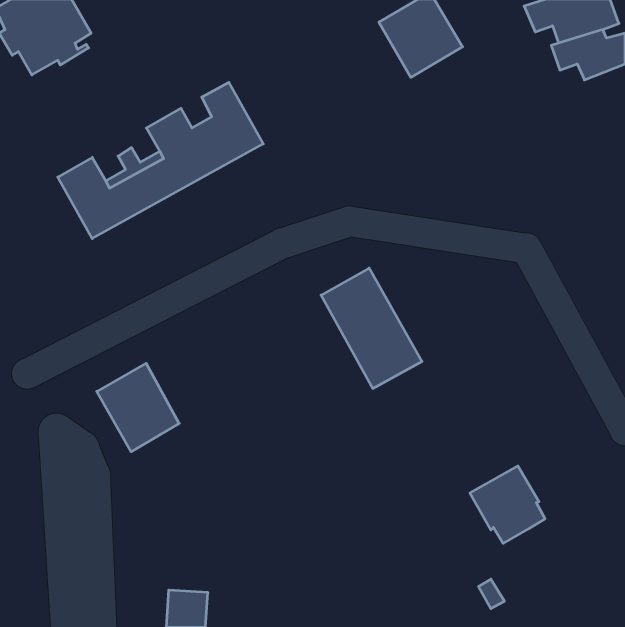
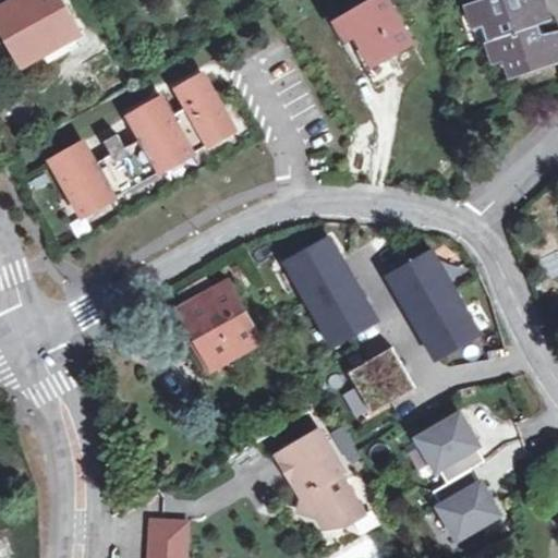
building: none -> [384,252,475,359]
building: [97,363,179,452] -> [184,280,257,359]
building: none -> [345,348,412,414]
building: none -> [277,430,360,529]
building: none -> [432,469,498,537]

